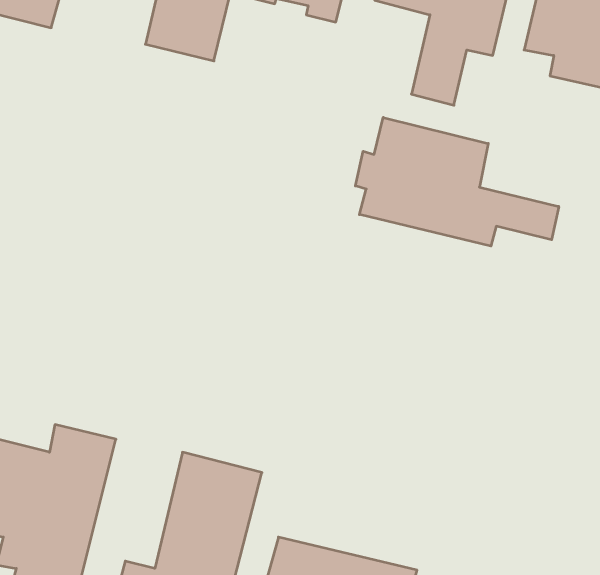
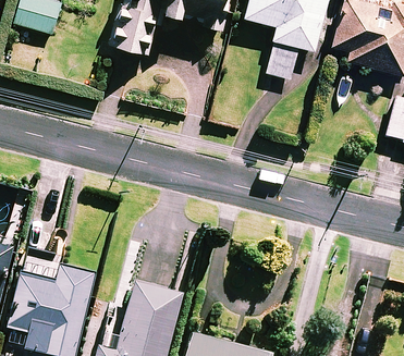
building: [355,117,559,246] -> none

